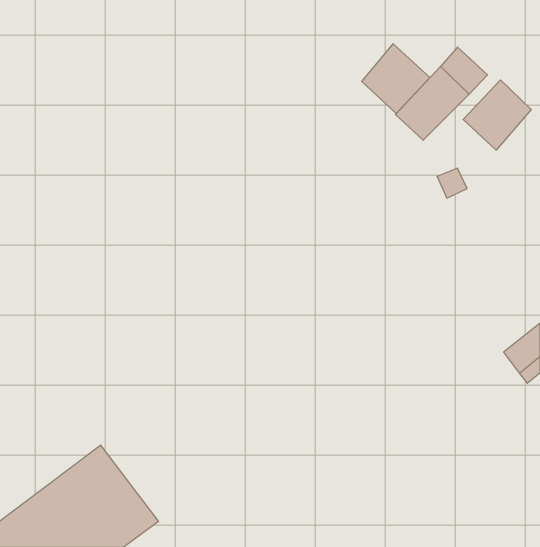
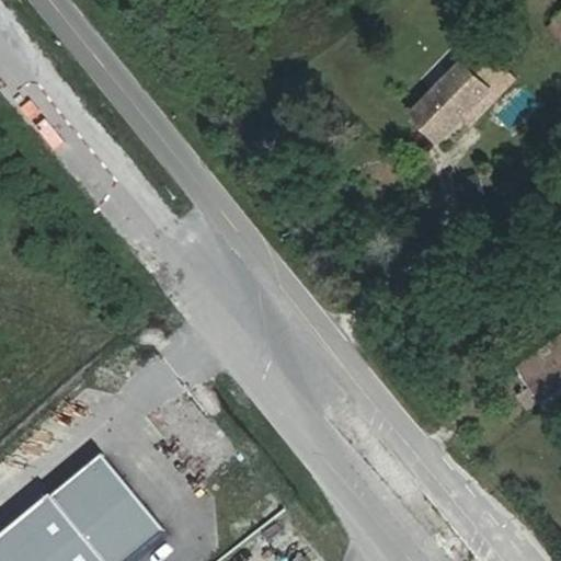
building: [362,44,430,114] -> none
building: [463,80,531,150] -> none

